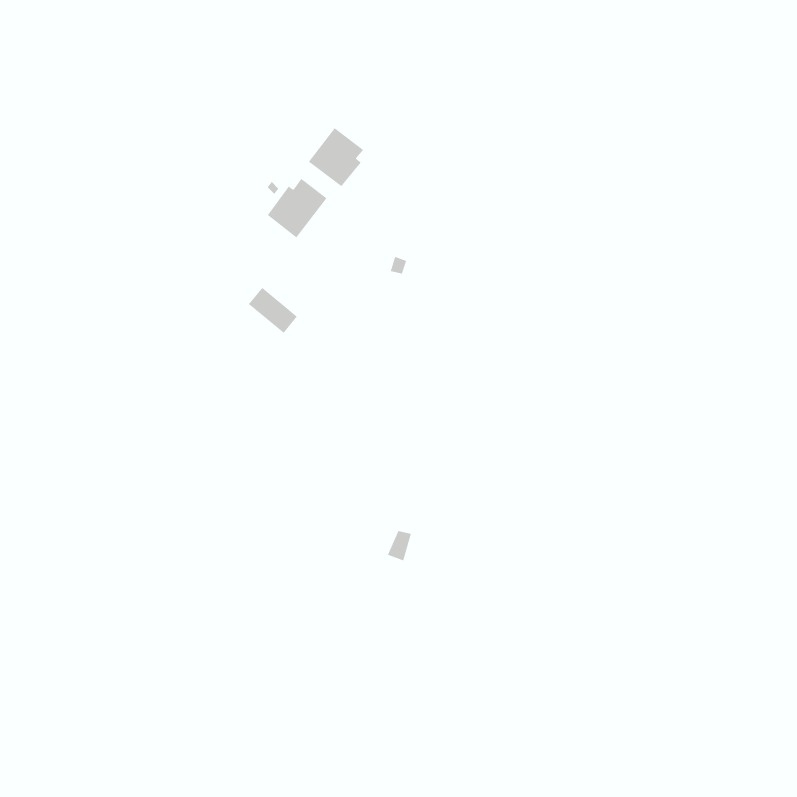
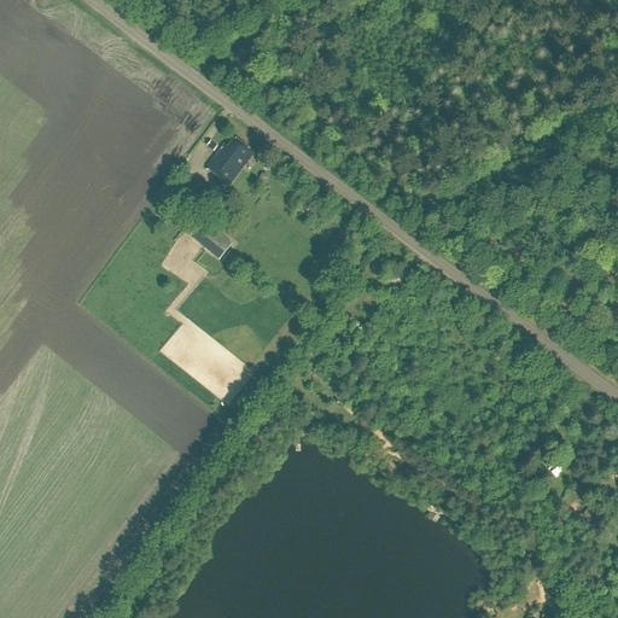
building: [308,127,364,187] -> none

